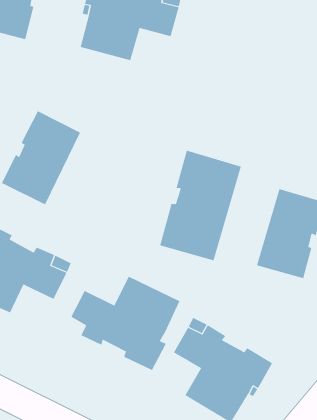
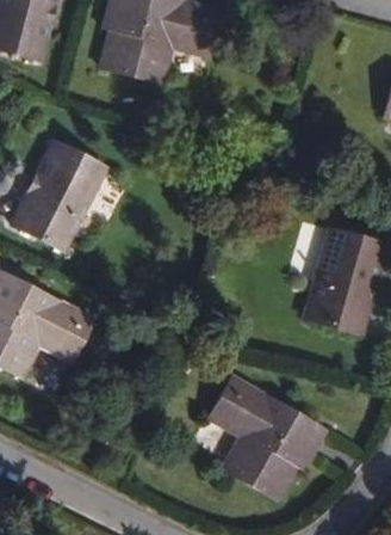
building: [160,150,242,261] -> none
building: [71,276,180,371] -> none

